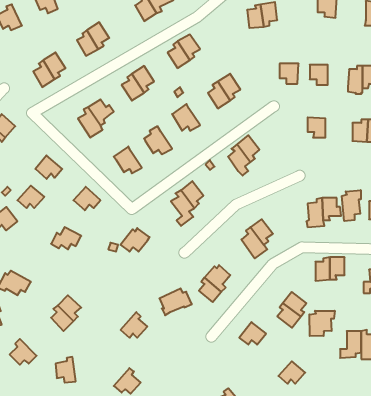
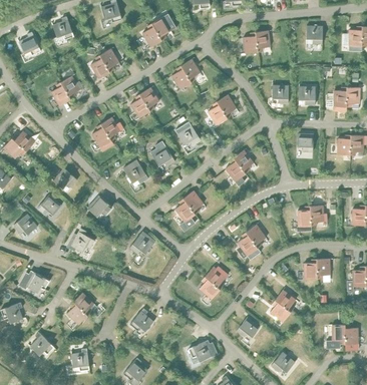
building: [342,190,361,221] -> none
building: [159,288,192,315] -> [189,340,218,364]
building: [309,311,335,336] -> none

